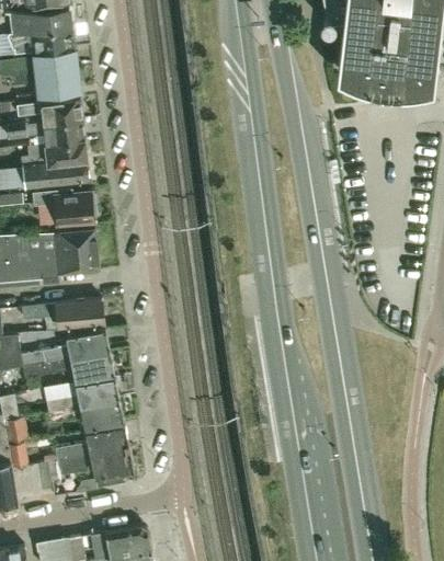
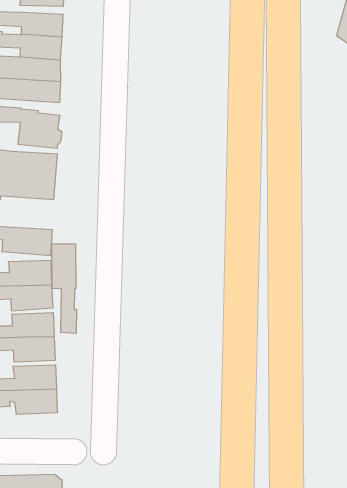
building: none -> [52,244,76,334]

